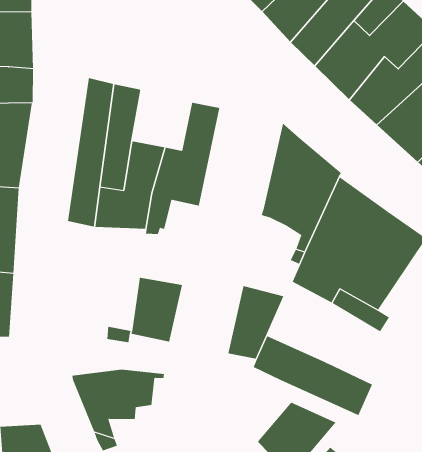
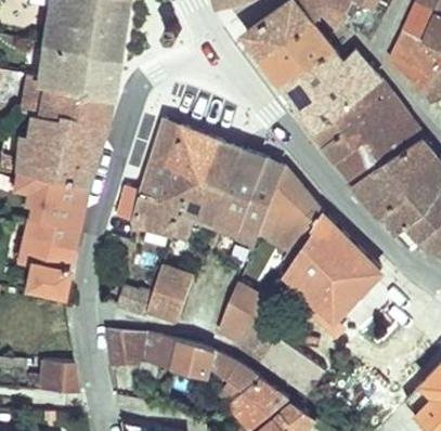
building: none -> [173,128,222,178]
building: none -> [215,151,287,235]
building: none -> [145,341,260,402]

